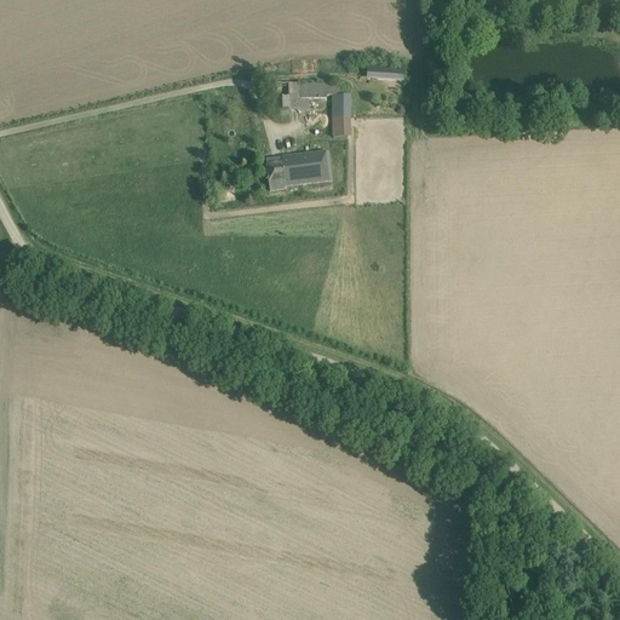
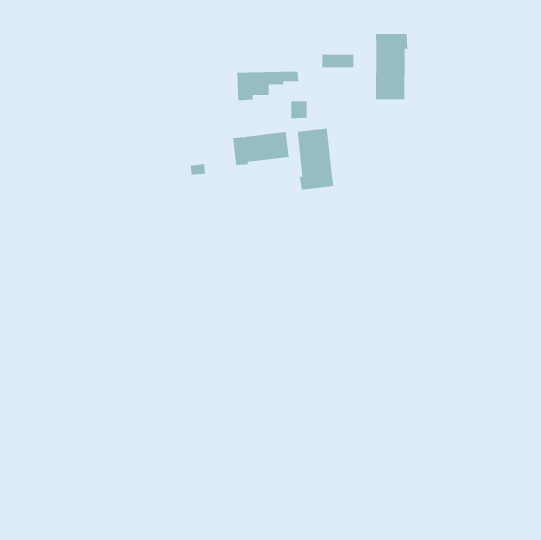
building: none -> [376,33,408,100]
building: none -> [297,128,334,190]

